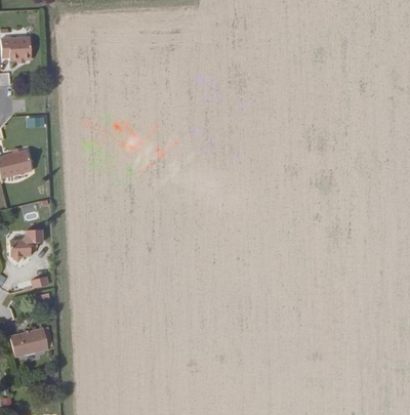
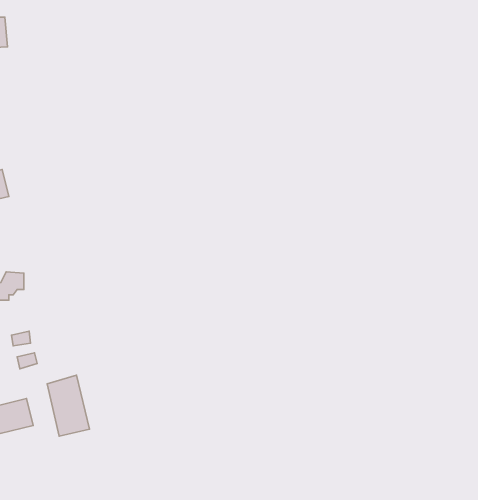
building: none -> [47,375,90,436]

